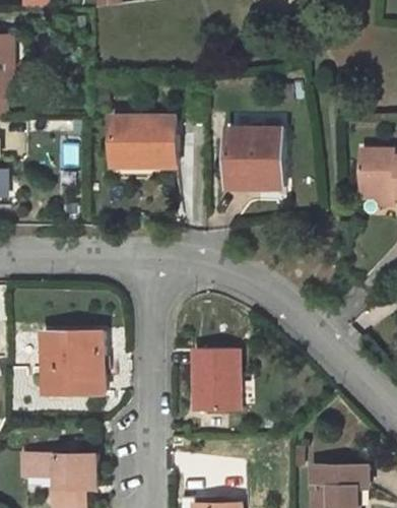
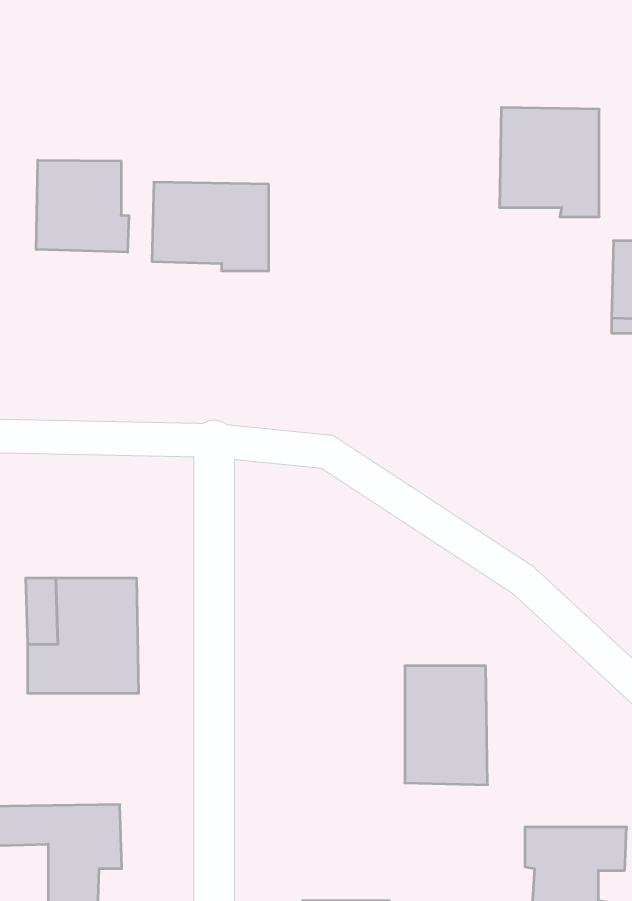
building: none -> [36,160,129,252]
building: [227,128,281,187] -> [499,107,599,217]
building: [193,347,238,411] -> [405,666,488,785]

